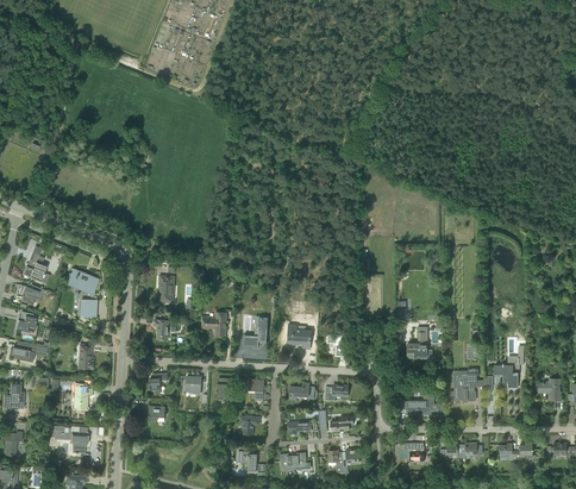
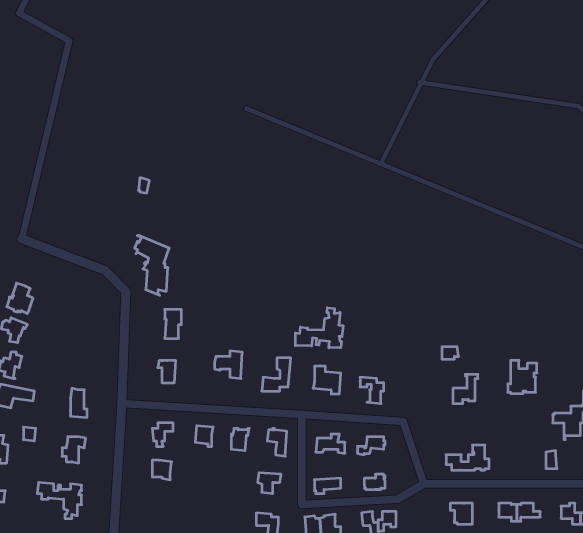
building: [68,269,98,320] -> [135,236,169,295]
building: none -> [295,308,343,348]
building: [451,371,476,400] -> [508,360,537,394]

